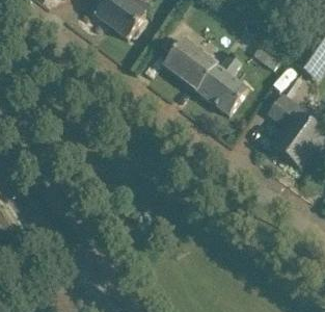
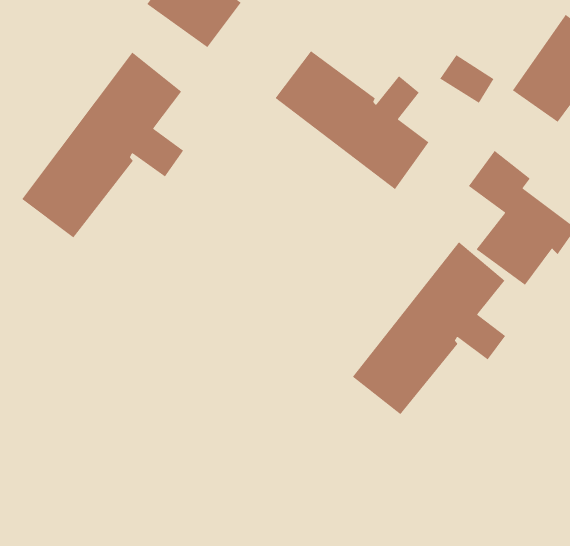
building: none -> [21,51,184,239]
building: none -> [352,241,506,415]

